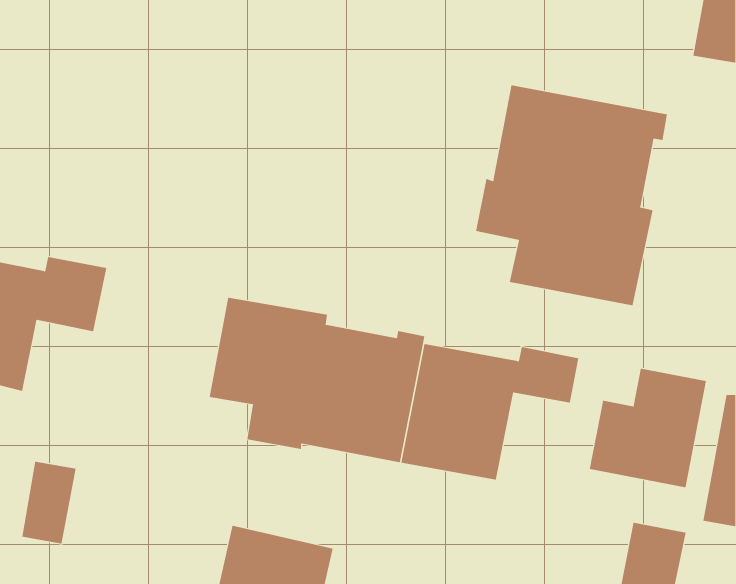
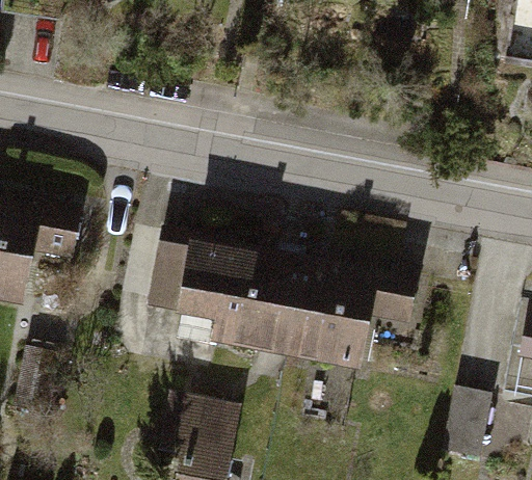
building: [476,85,667,306] -> none
building: [589,368,707,488] -> none

